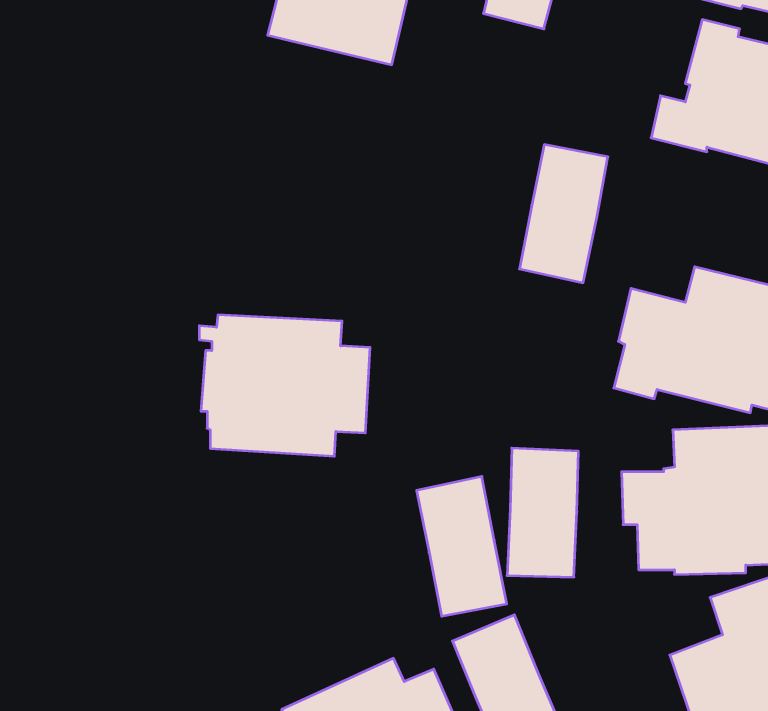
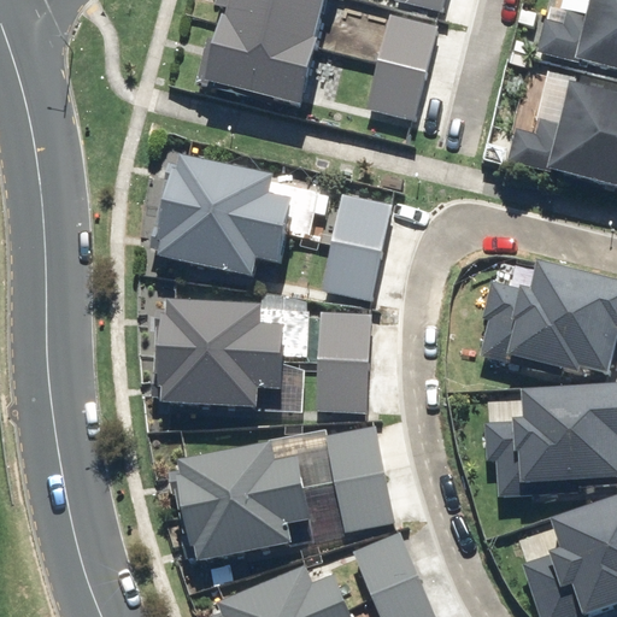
building: none -> [363,65,423,128]
building: none -> [159,154,295,277]
building: [519,145,608,283] -> [322,194,390,301]
building: [507,448,578,577] -> [315,311,370,411]
building: none -> [169,441,313,562]

